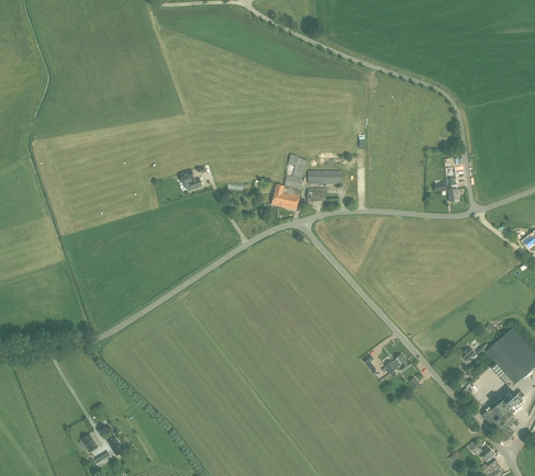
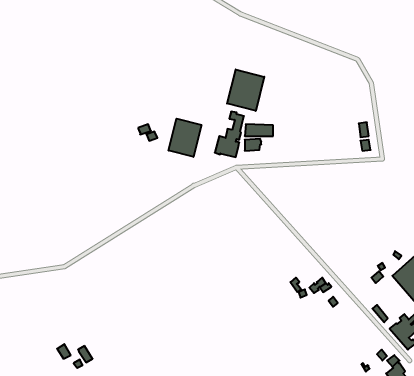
building: none -> [227,69,264,111]
building: none -> [169,119,201,157]

